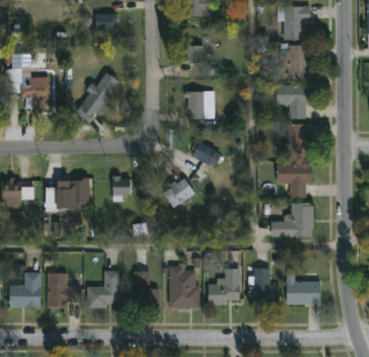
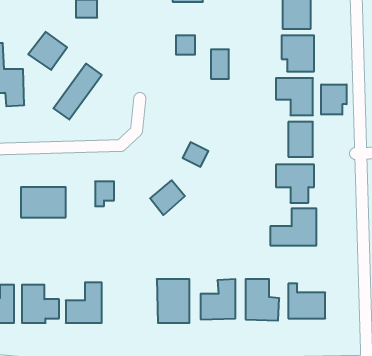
building: none -> [28,32,67,70]
building: none -> [321,84,347,115]
building: [188,92,204,119] -> [211,49,229,79]
building: [134,271,159,306] -> none

